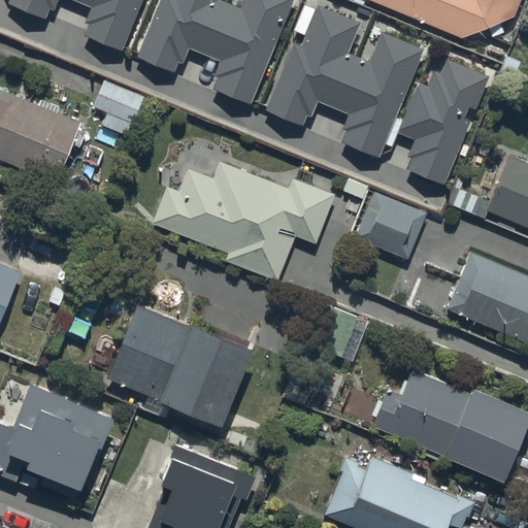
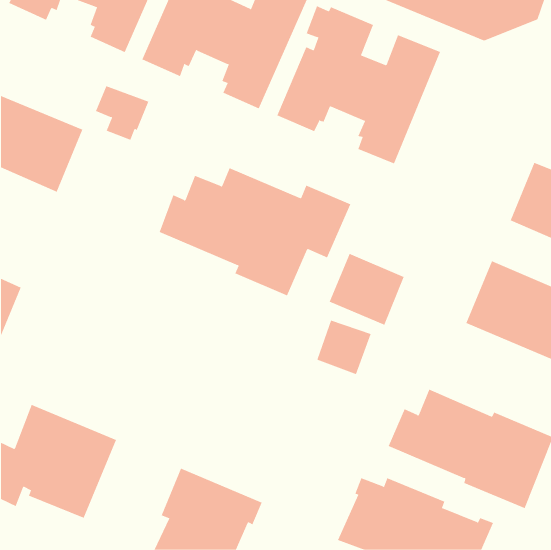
building: [398,61,488,185] -> none
building: [354,191,426,260] -> [329,253,404,326]
building: [105,305,250,429] -> none

